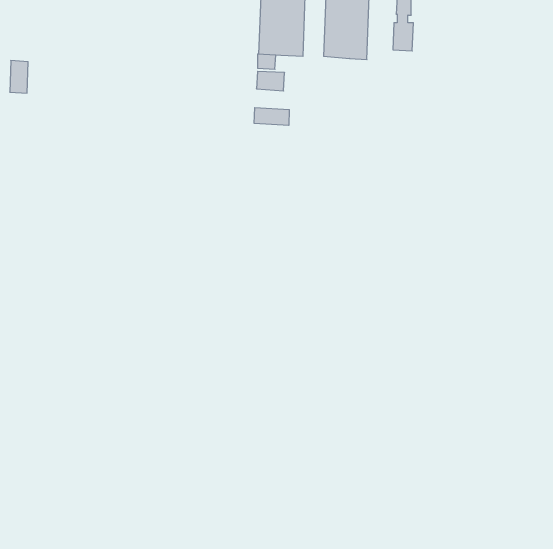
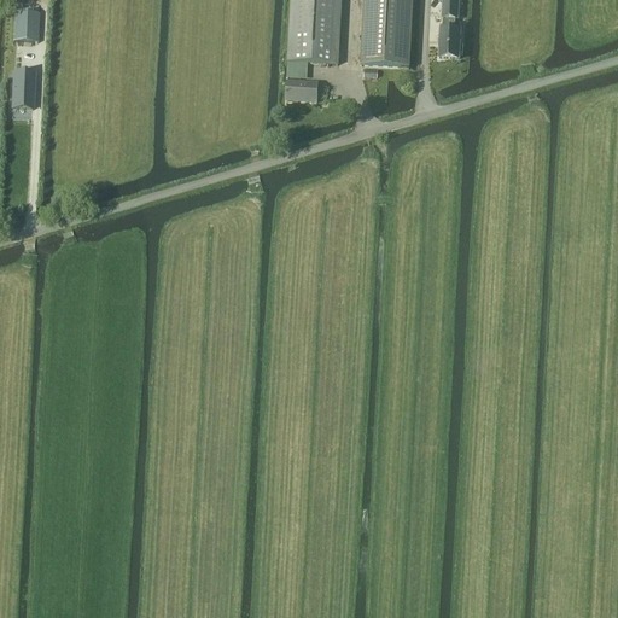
building: none -> [13,7,39,40]
building: [254,108,289,125] -> none

